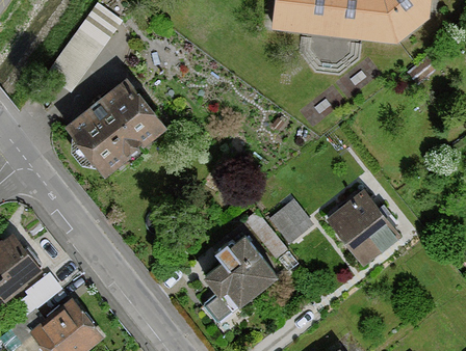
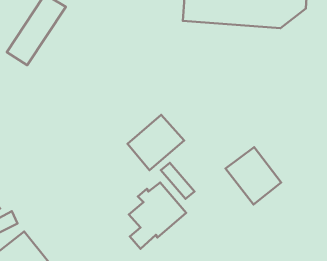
building: [66,79,165,177] -> none
building: none -> [128,115,184,170]
building: [270,201,312,243] -> none

